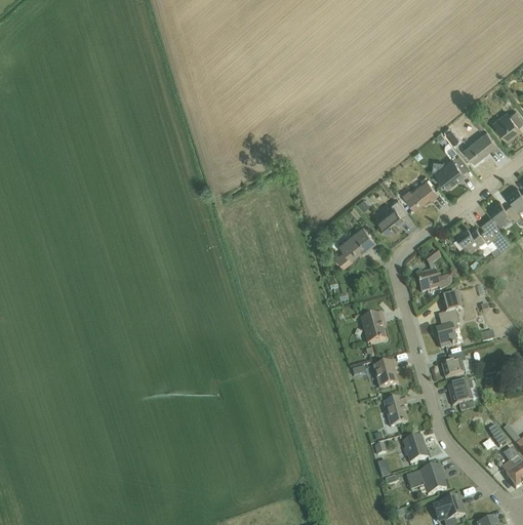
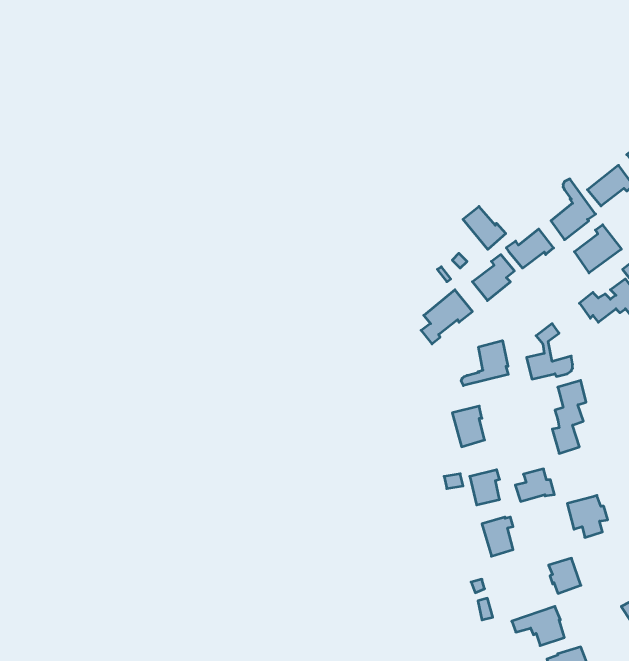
building: none -> [463,206,506,249]
building: none -> [574,225,621,273]
building: none -> [461,341,508,386]
building: [441,353,471,377] -> [515,469,554,501]
building: [402,436,427,462] -> [549,558,581,593]

